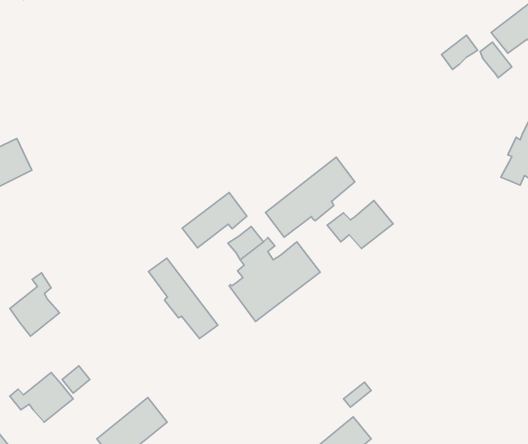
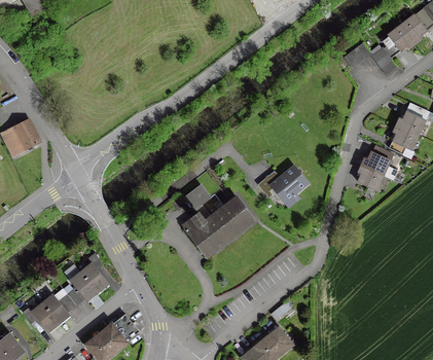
building: [266,157,355,237] -> none
building: none -> [357,150,396,189]
building: [182,192,247,248] -> none
building: [148,258,218,338] -> none
building: [10,273,60,336] -> [70,253,107,300]

